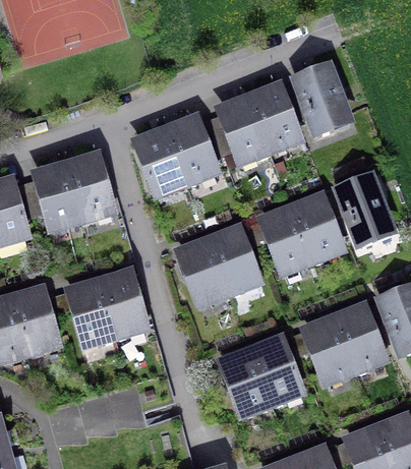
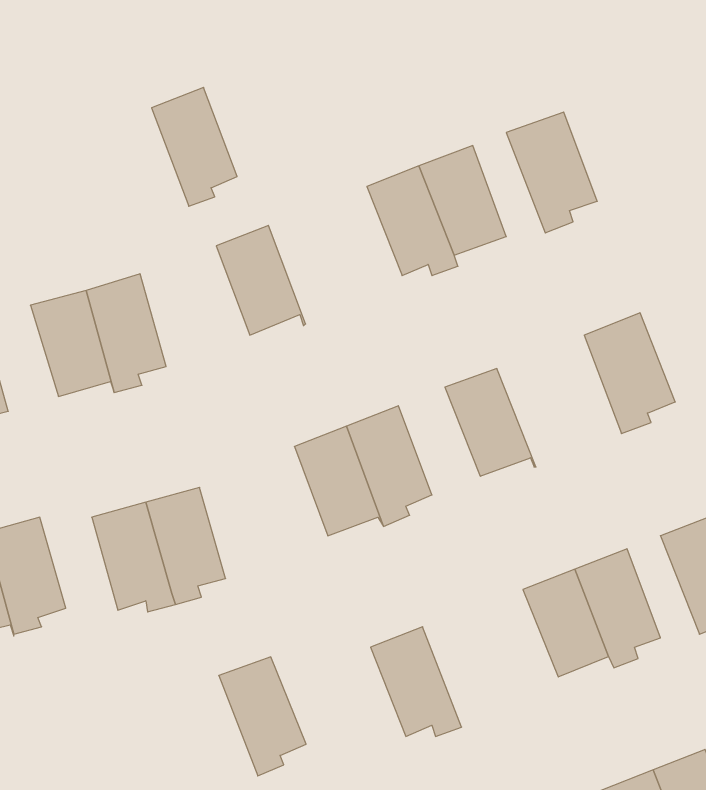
building: [167,117,214,182] -> [152,87,237,206]
building: [292,195,340,260] -> none
building: [251,338,299,403] -> [219,657,306,776]

